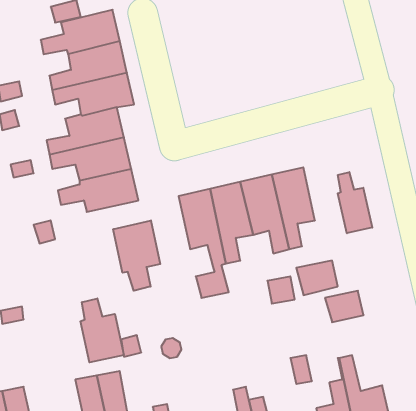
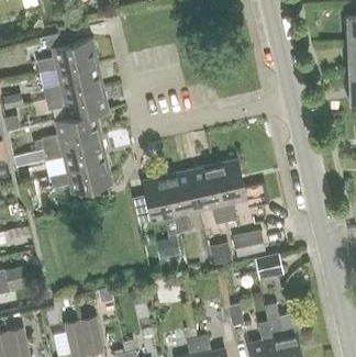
building: [338,172,372,233] -> none
building: [113,220,160,291] -> none
building: [80,298,124,362] -> none

